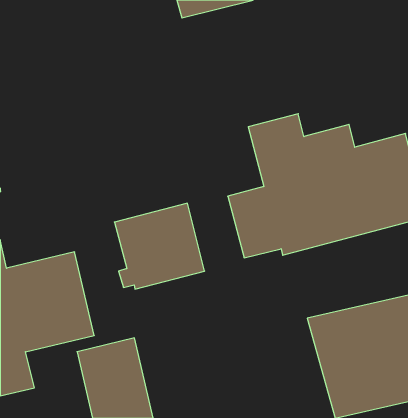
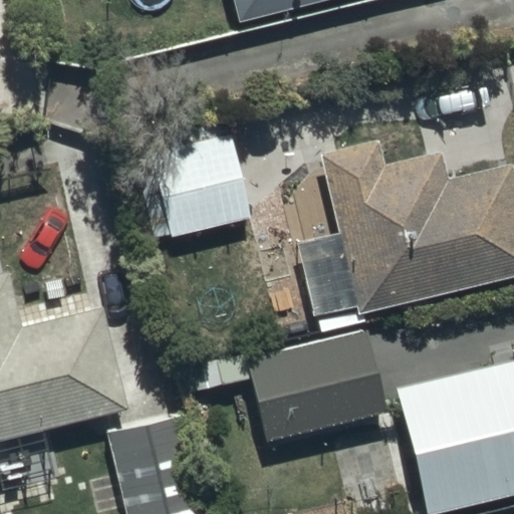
building: [114,203,205,289] -> [145,134,255,239]
building: none -> [239,328,389,442]

